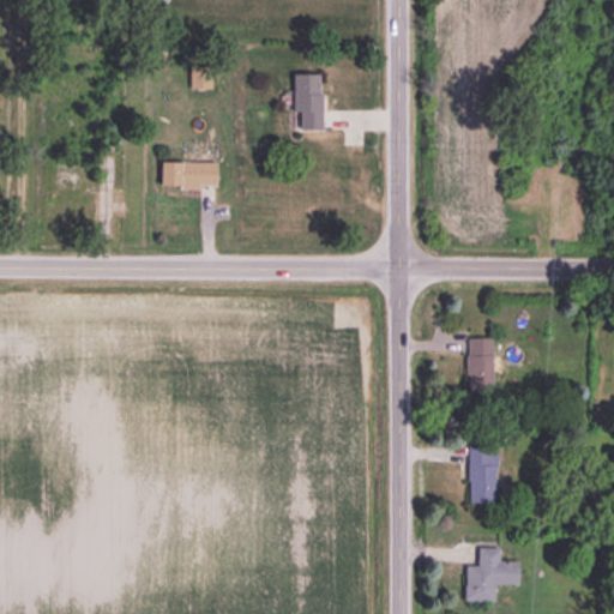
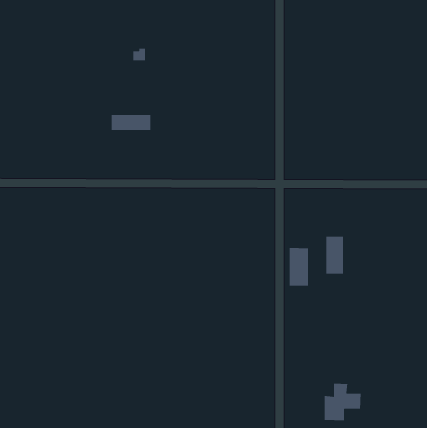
building: [295,74,323,130] -> none
building: [469,446,498,502] -> [289,247,309,286]

